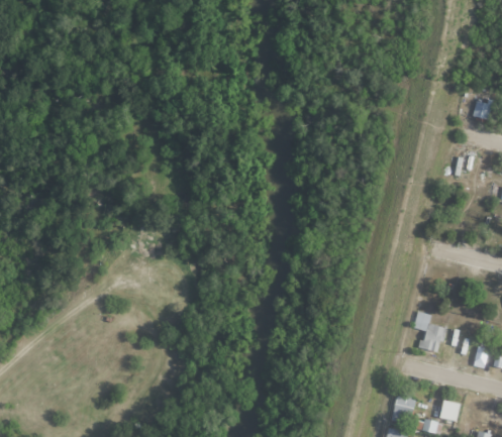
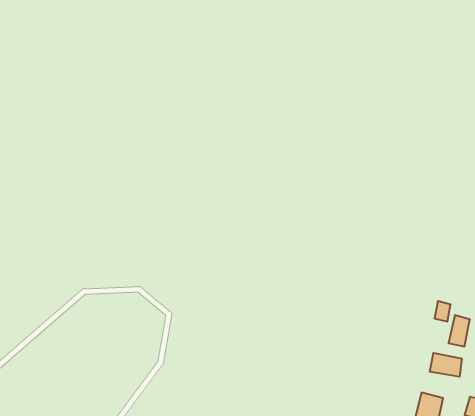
building: none -> [430,353,462,377]

